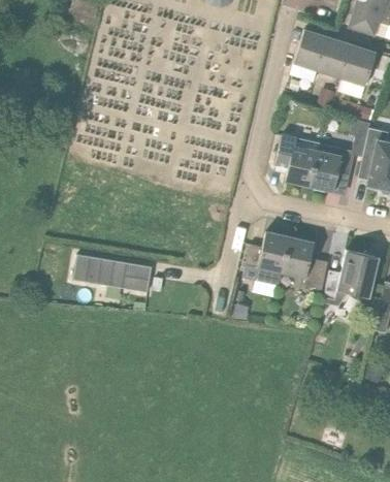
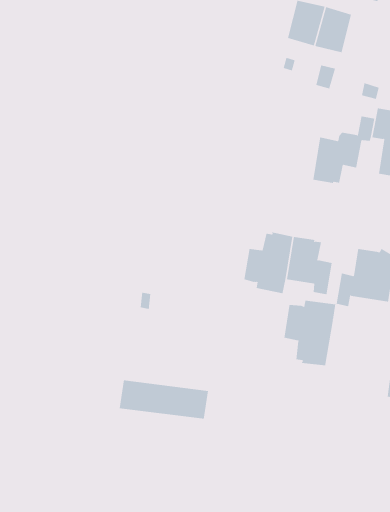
building: [343,44,377,85] -> none
building: [277,134,320,187] -> none
building: [67,255,147,293] -> [119,380,209,419]
building: none -> [284,300,336,366]

